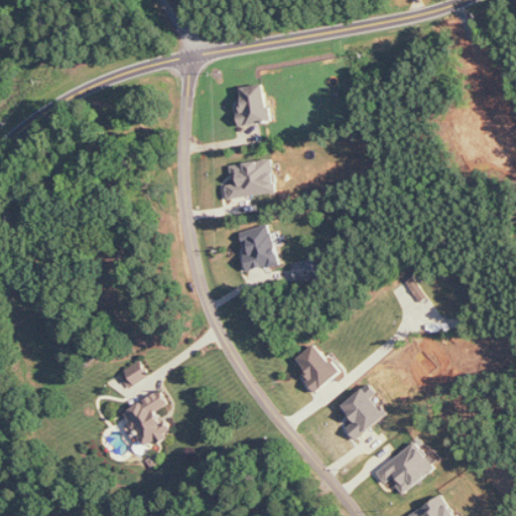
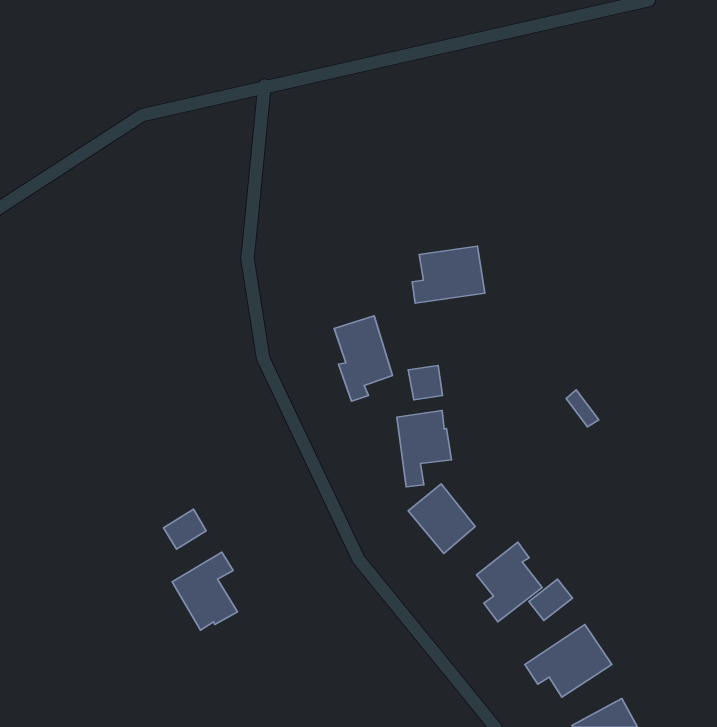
building: [233,85,266,126] -> none
building: [222,159,273,200] -> [412,246,485,303]
building: none -> [397,411,452,487]
building: none -> [529,579,572,620]

